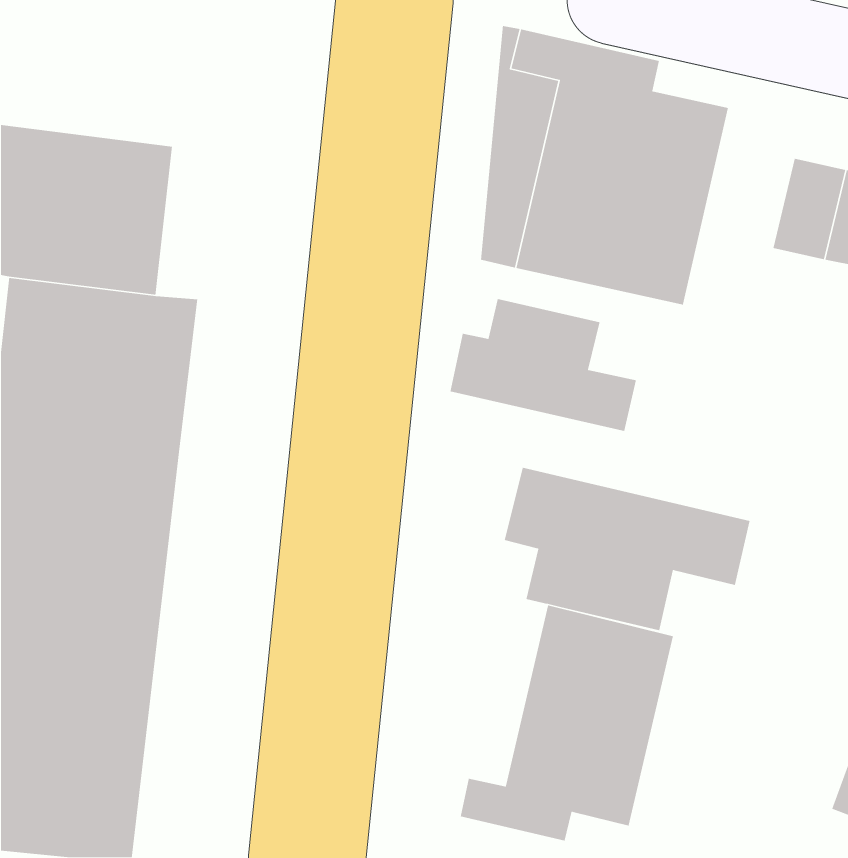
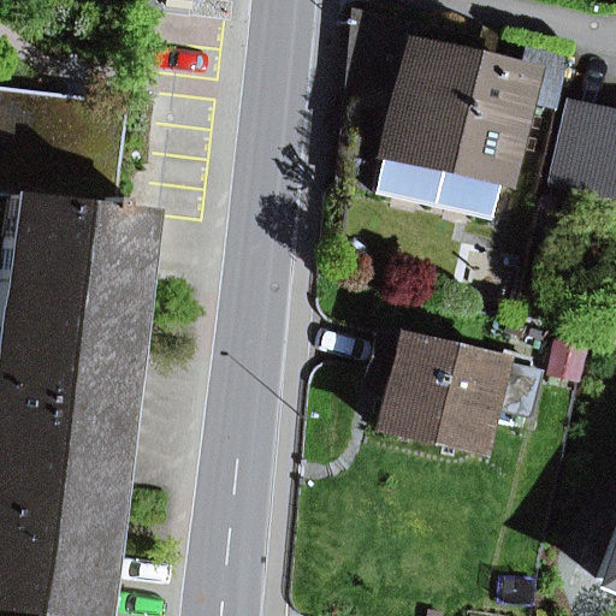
building: [449,298,637,432] -> none
building: [460,605,674,842] -> none

